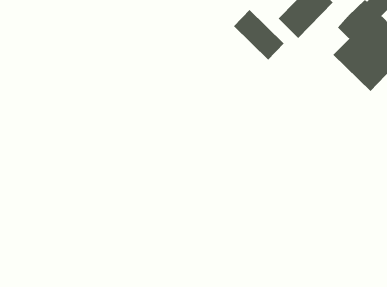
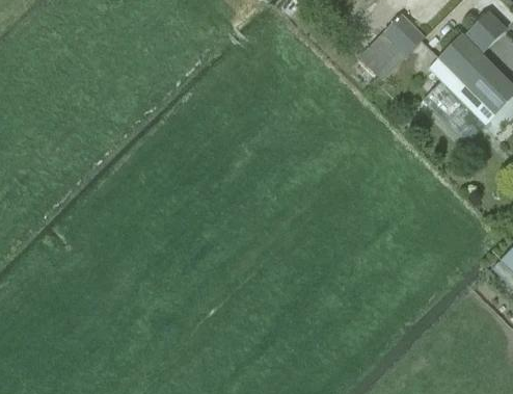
building: [233,9,284,60] -> none

